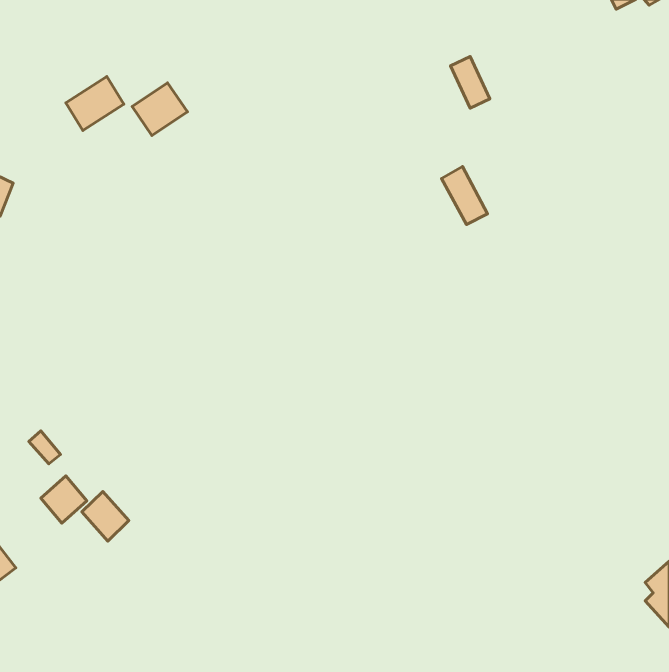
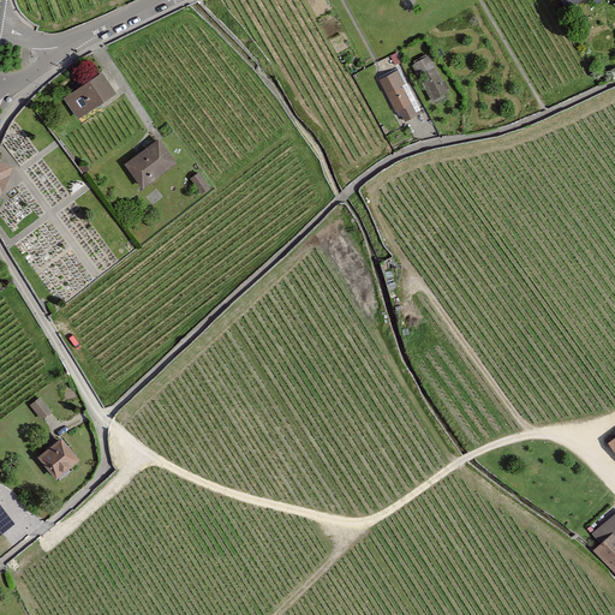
building: [132,83,187,136] -> [125,141,175,189]
building: [441,167,487,224] -> [377,68,419,121]
building: [82,491,129,541] -> none

